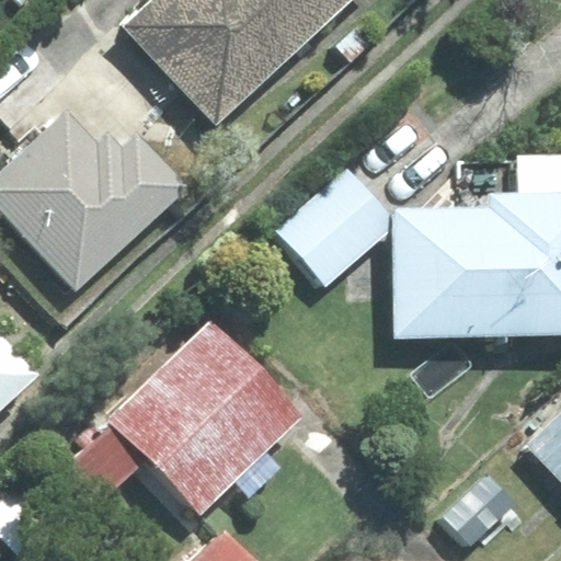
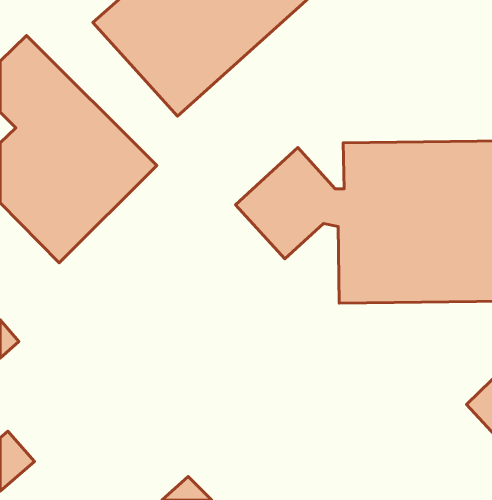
building: [68,319,305,518] -> none

